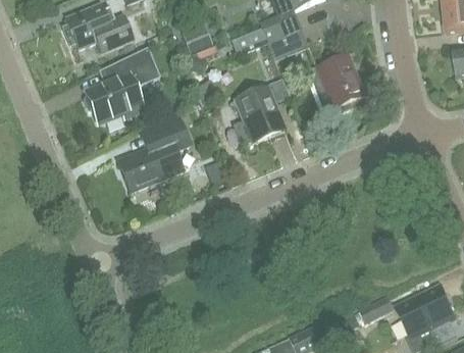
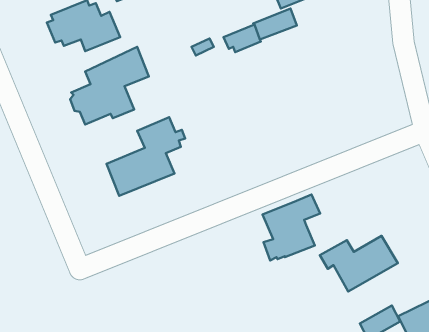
building: [264,29,306,57] -> none
building: [307,52,364,113] -> none
building: [233,80,288,143] -> [263,194,320,260]
building: none -> [320,236,398,291]

